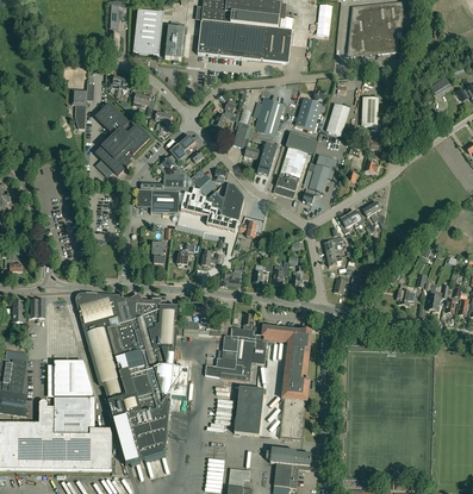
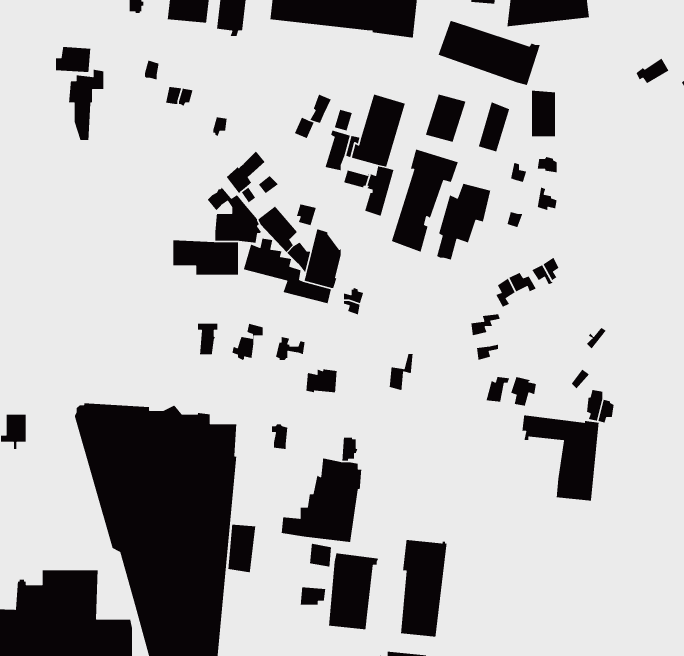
building: none -> [438,20,541,86]
building: [95,105,149,176] -> none
building: [262,326,311,381] -> [522,414,599,502]
building: [54,359,93,396] -> none

